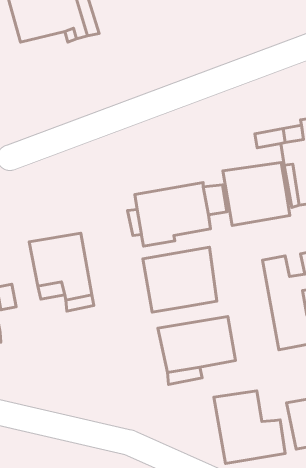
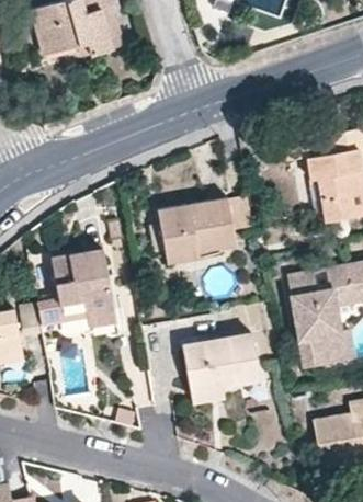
building: [223,163,290,225] -> none
building: [143,247,217,312] -> none
building: [214,391,285,464] -> none

